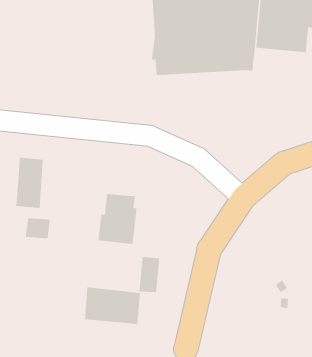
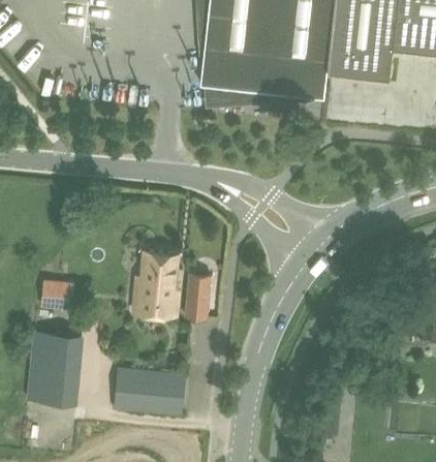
building: [15,157,43,209] -> none
building: [138,256,160,293] -> [185,272,212,317]
building: none -> [27,330,85,403]

